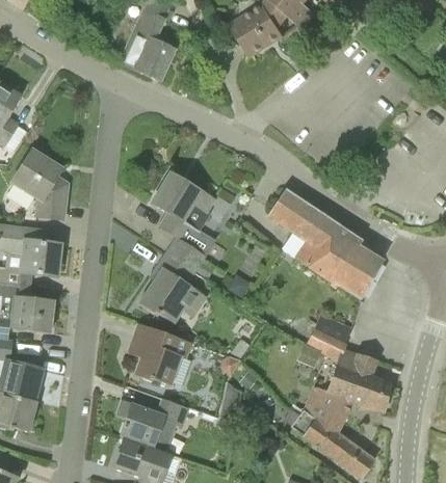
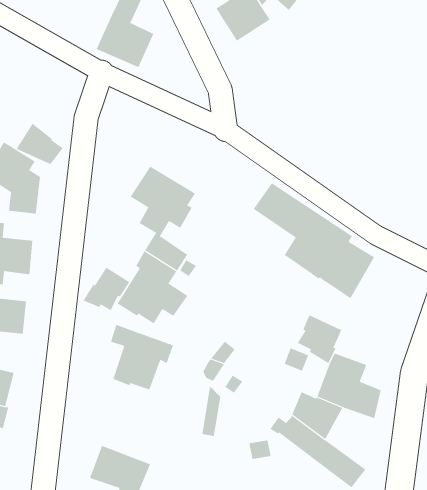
building: none -> [16,123,64,165]
building: none -> [83,267,130,311]
building: [121,397,190,454] -> none

